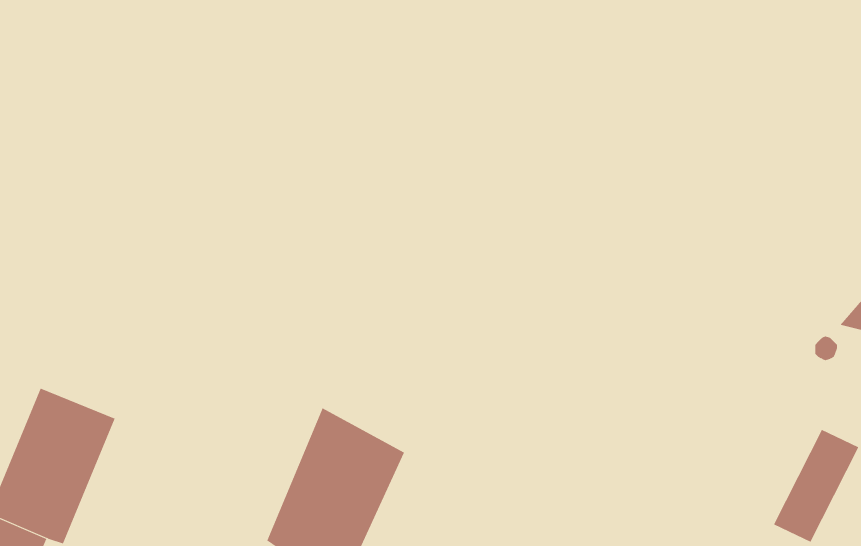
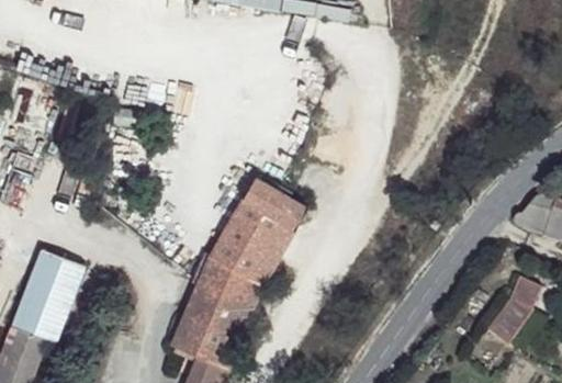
building: none -> [211,184,307,286]

